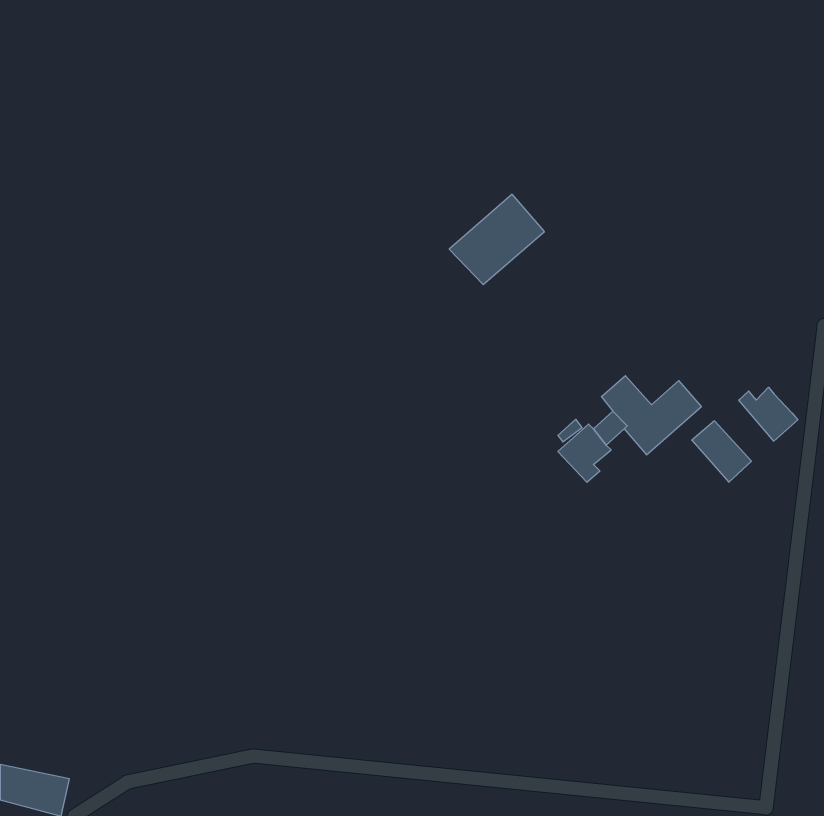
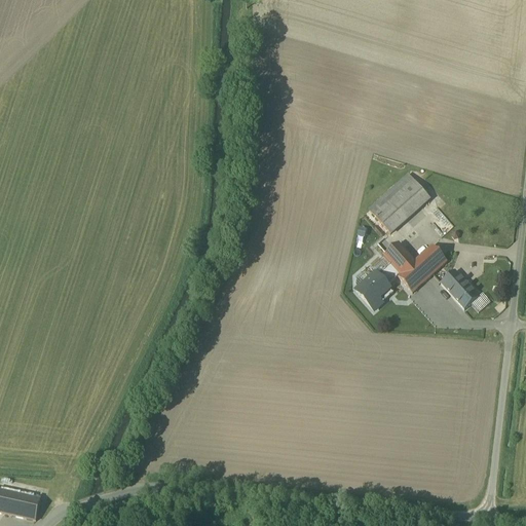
building: [449,194,544,285] -> [369,173,429,230]
building: [739,387,798,441] -> none

